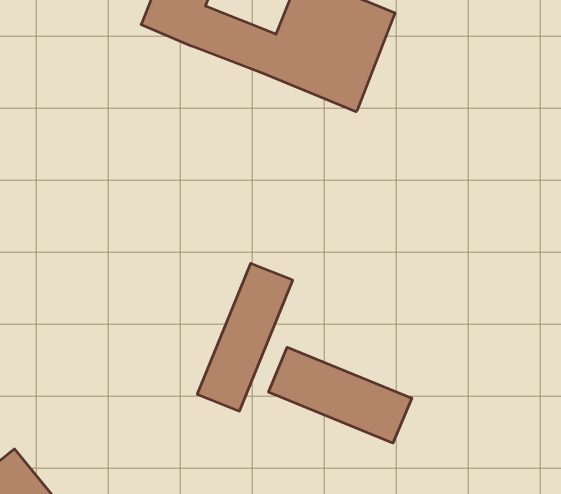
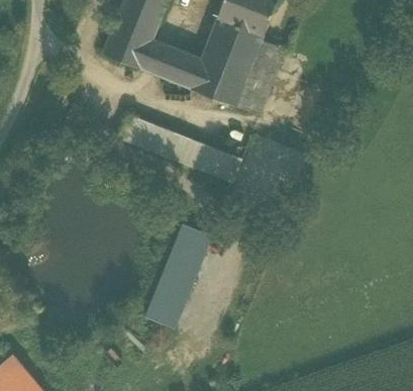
building: none -> [121,115,241,183]
building: [269,347,412,443] -> none

